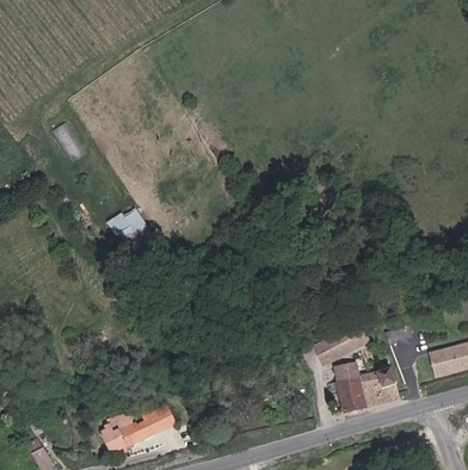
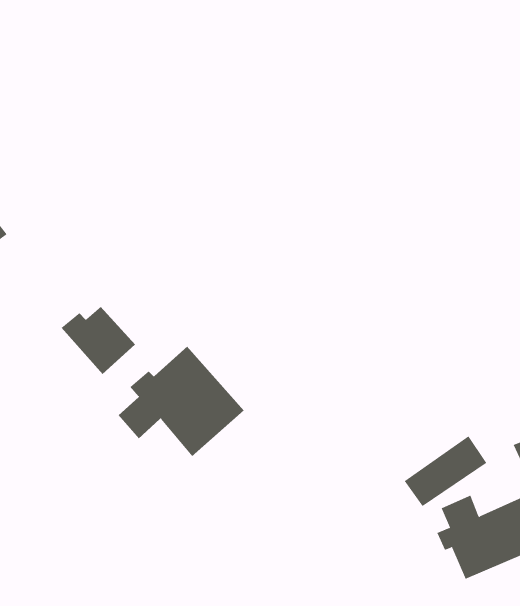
building: none -> [118,346,245,457]

